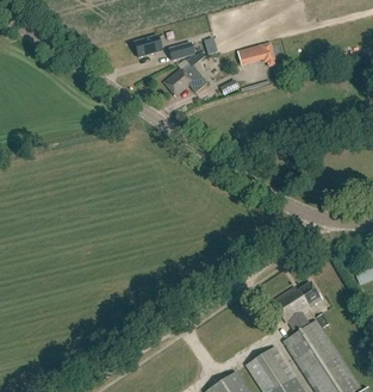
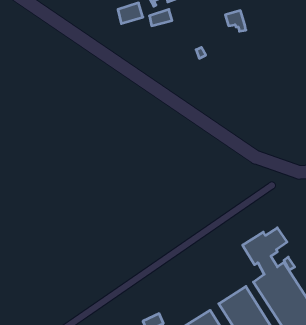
building: [164,66,207,95] -> none

